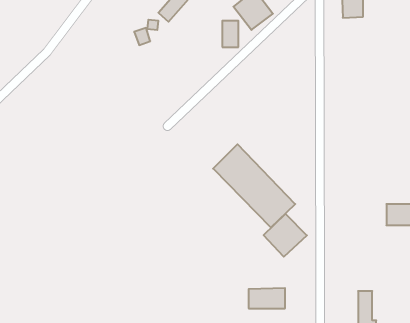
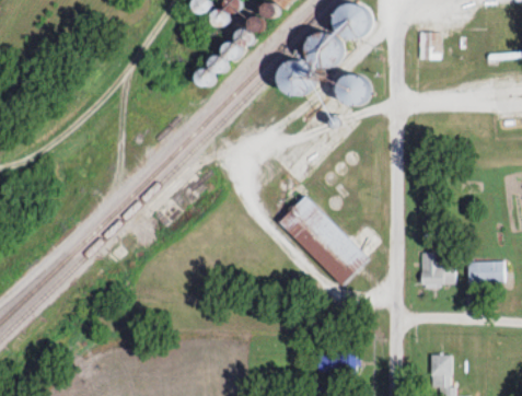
building: none -> [335,73,369,106]
building: none -> [421,252,455,284]
building: [264,214,307,257] -> none

